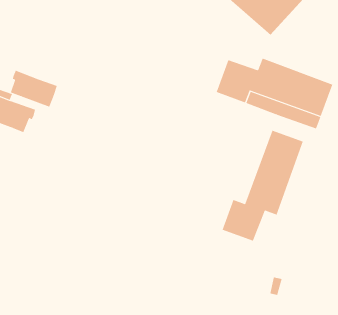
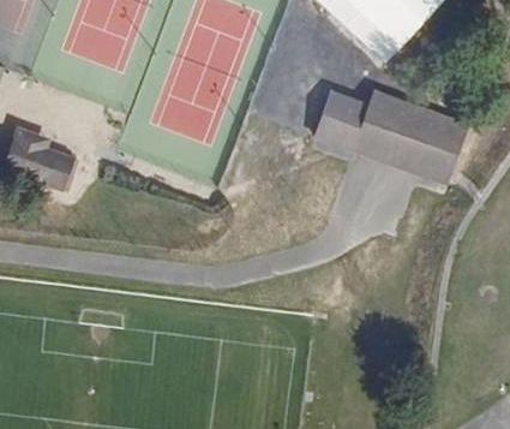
building: [10,70,57,107] -> none
building: [222,130,303,242] -> none

